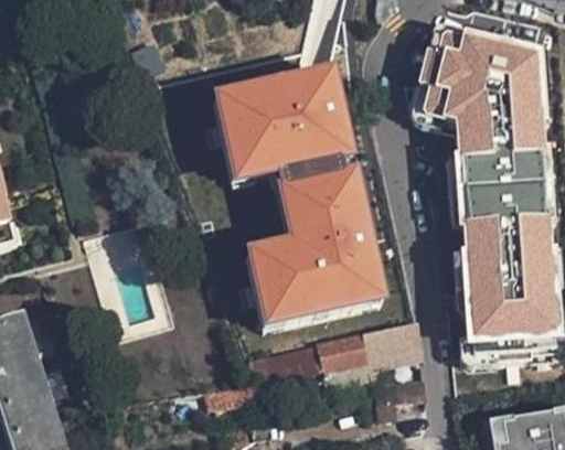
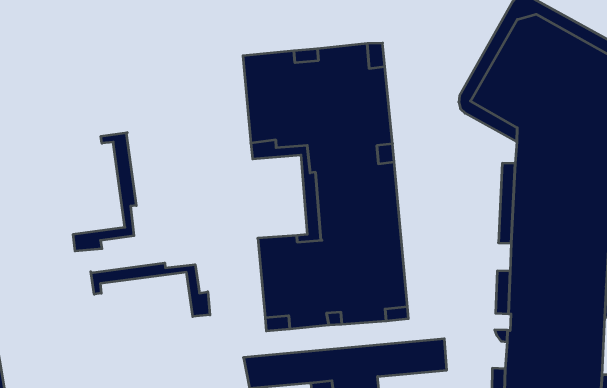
building: none -> [73,133,136,251]
building: none -> [91,263,210,317]

